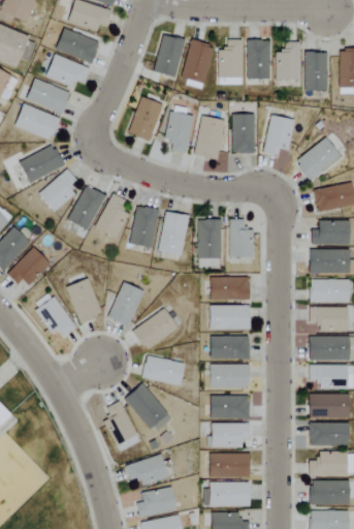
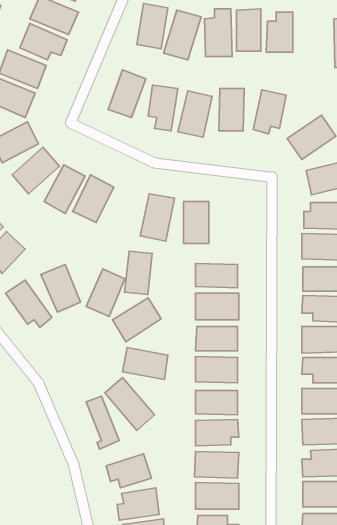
building: [304,52,327,91] -> none
building: [131,207,157,247] -> [125,251,152,294]
building: [229,219,254,257] -> none

